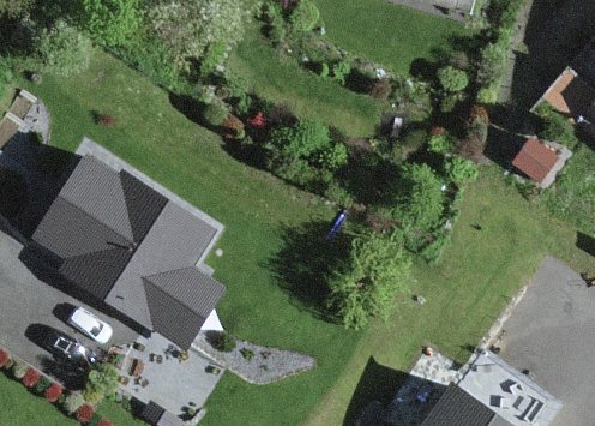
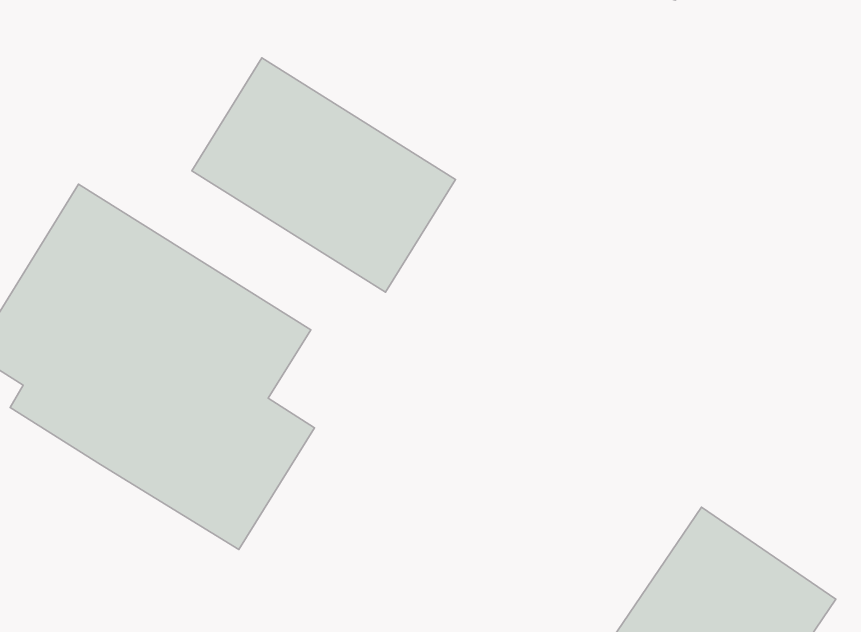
building: none -> [192,58,455,292]

